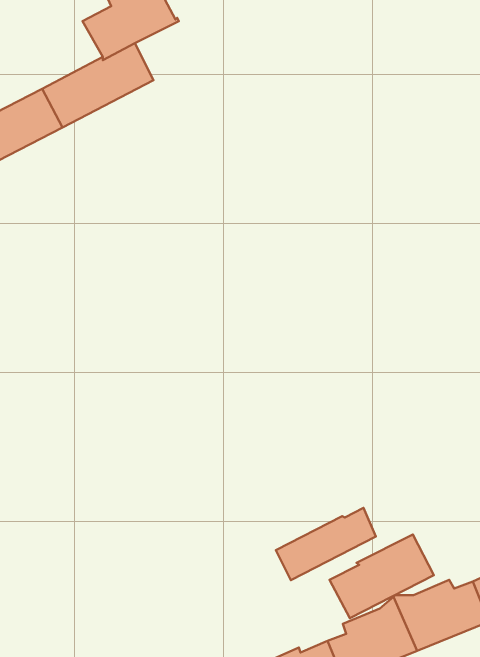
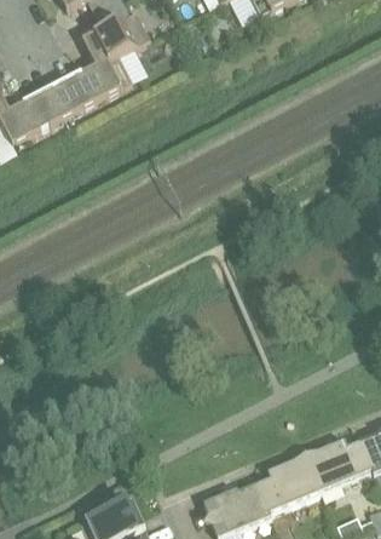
building: [276,508,376,580] -> none
building: [329,534,434,618] -> none

